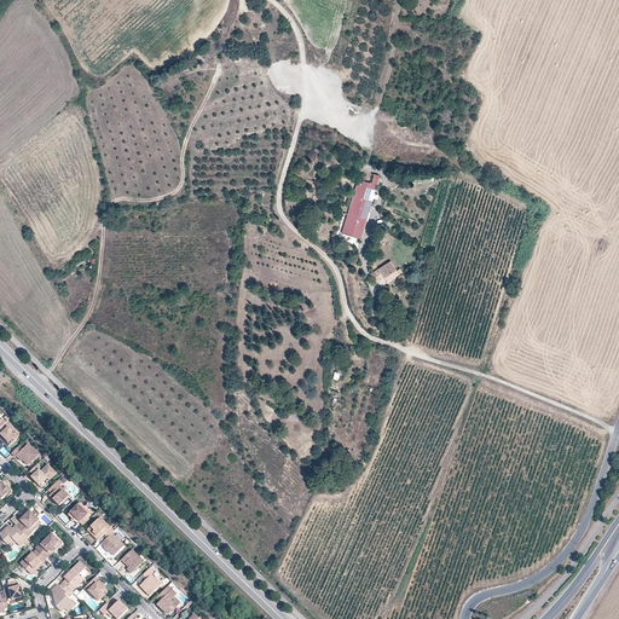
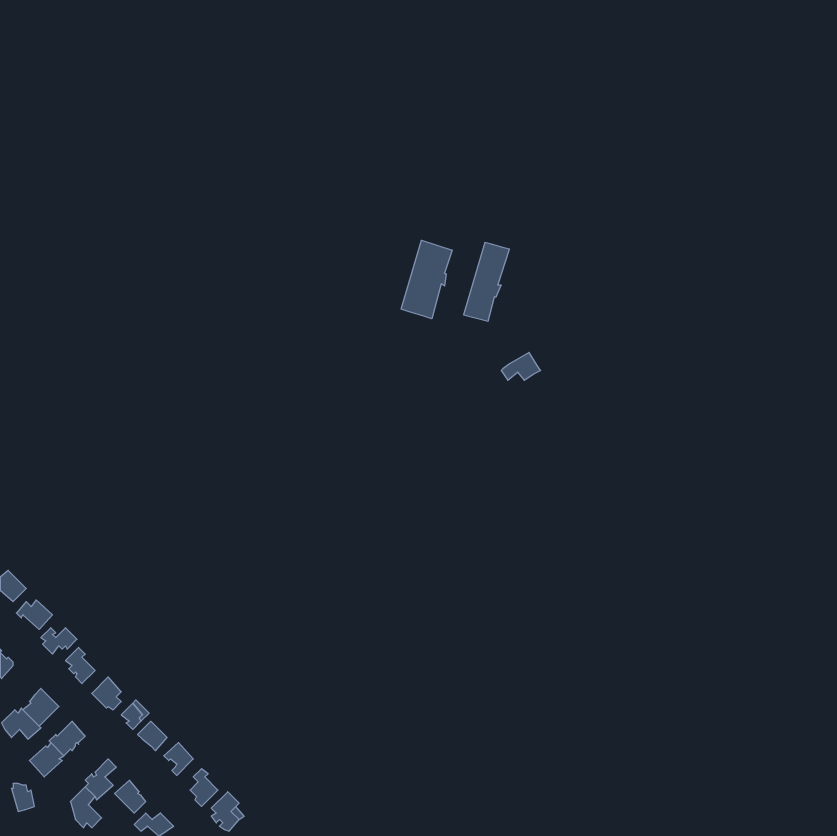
building: none -> [401,240,452,319]

